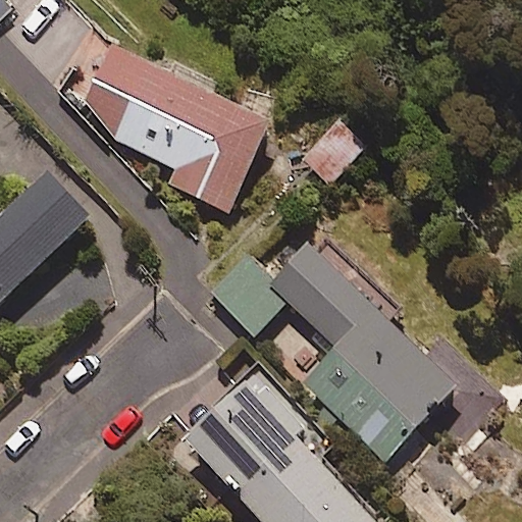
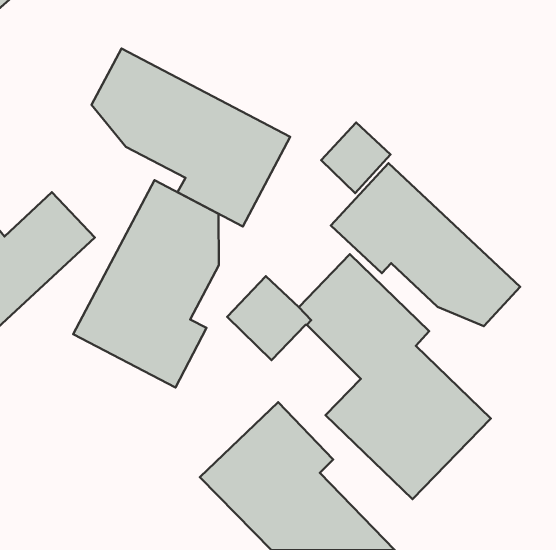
building: none -> [331,163,520,326]
building: none -> [73,180,219,387]

